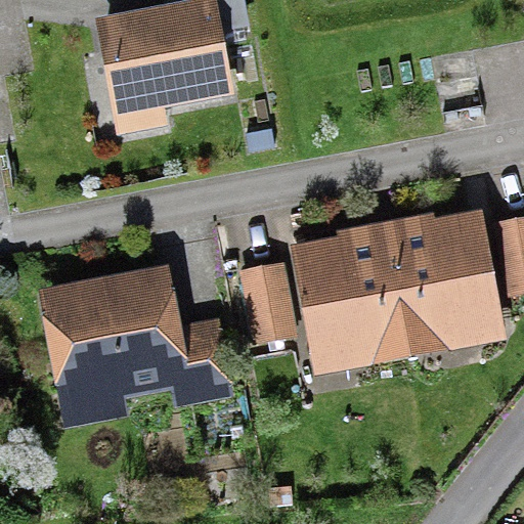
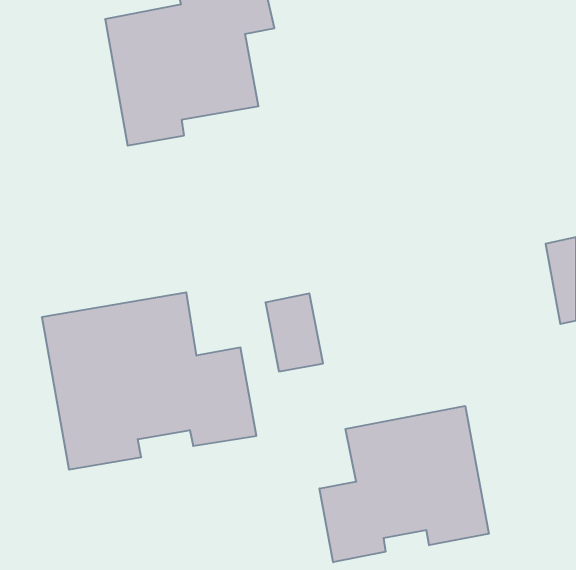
building: [309,223,489,357] -> none
building: none -> [320,406,489,562]

